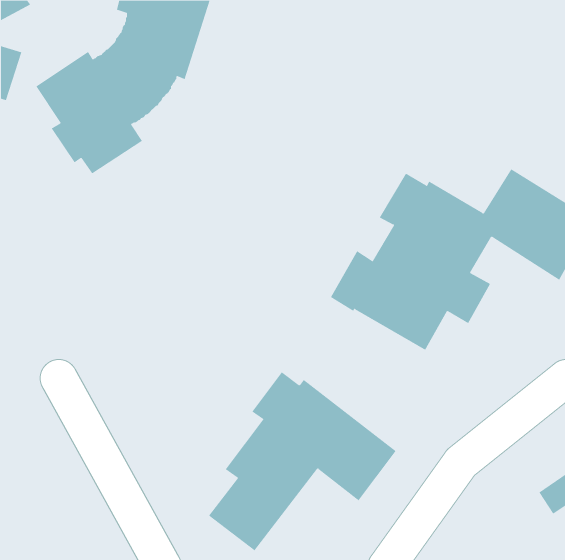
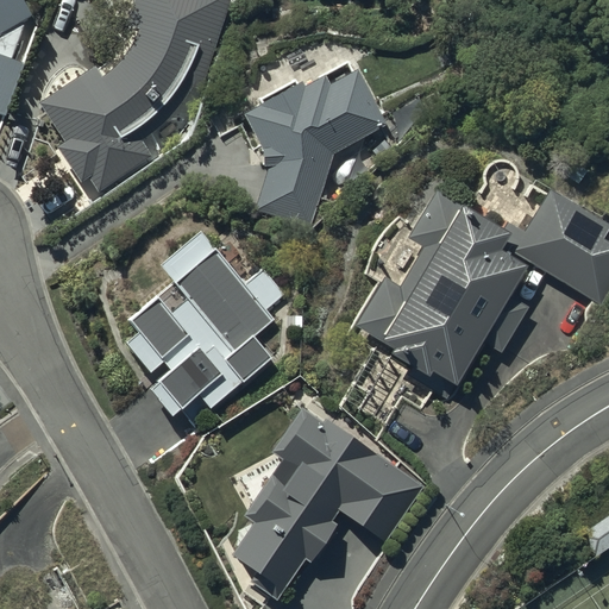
building: none -> [245,68,388,232]
building: none -> [127,230,285,413]

